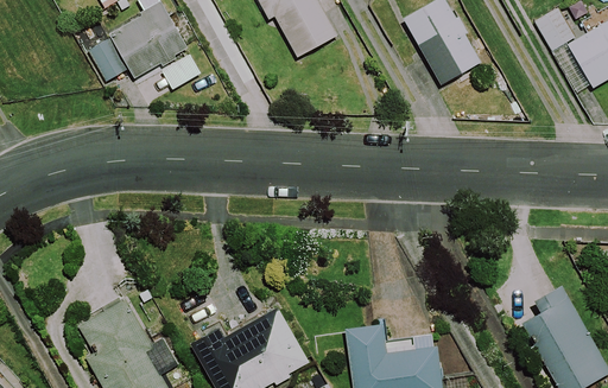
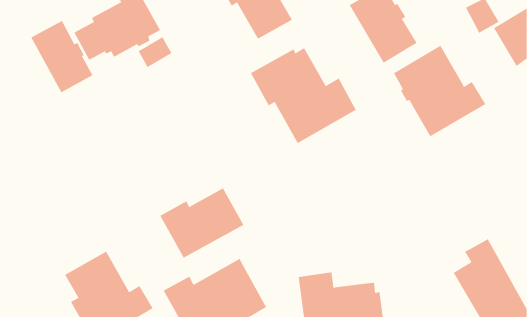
building: none -> [30,20,93,93]
building: none -> [393,45,486,137]
building: none -> [250,47,357,144]
building: none -> [159,188,244,259]

